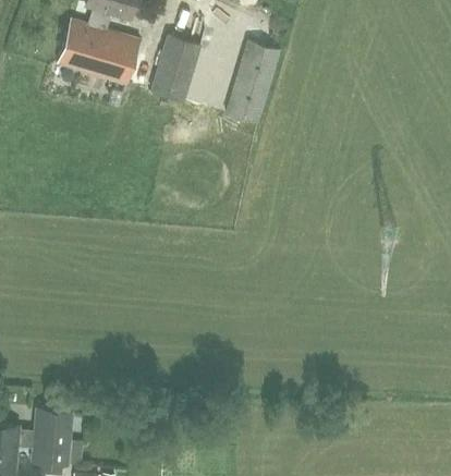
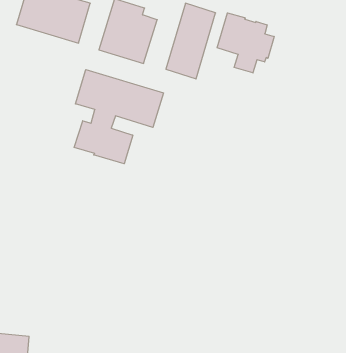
building: none -> [217,13,274,73]
building: none -> [74,70,163,164]

